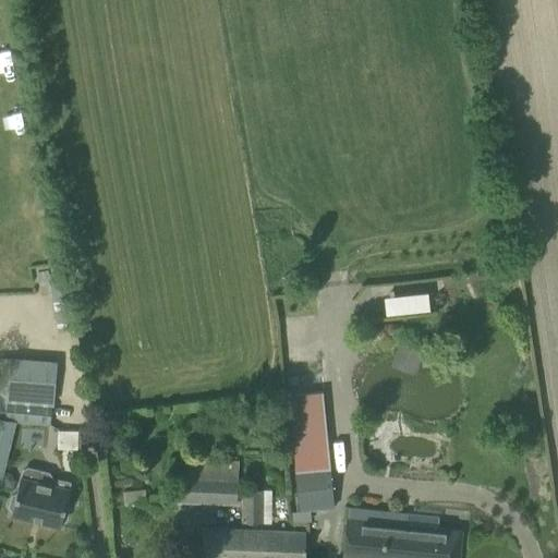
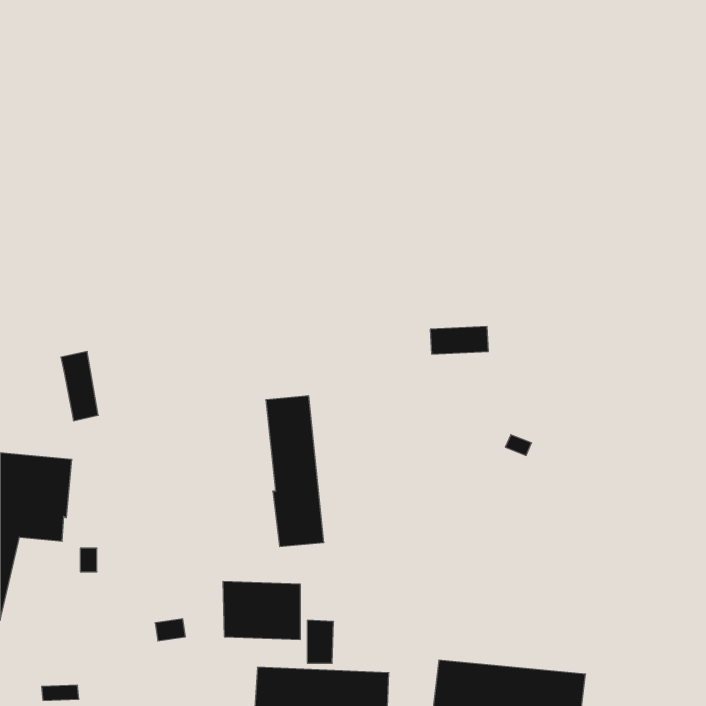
building: [385,292,430,314] -> [430,326,488,354]
building: [289,393,335,512] -> [266,396,324,547]
building: [10,470,71,529] -> none

